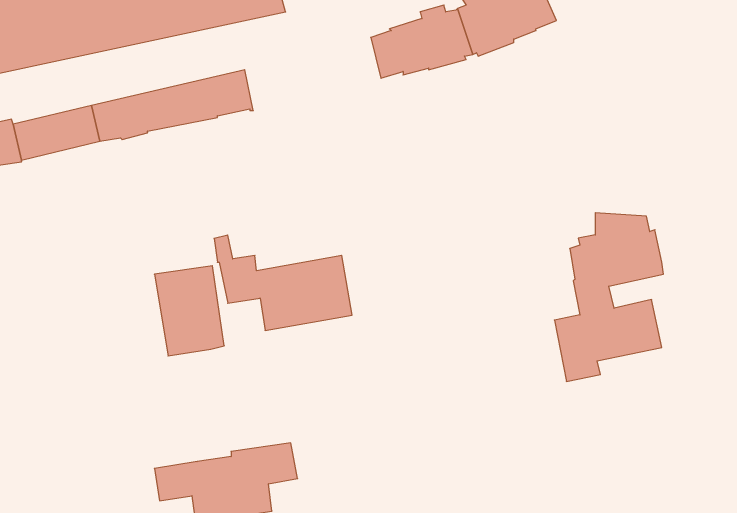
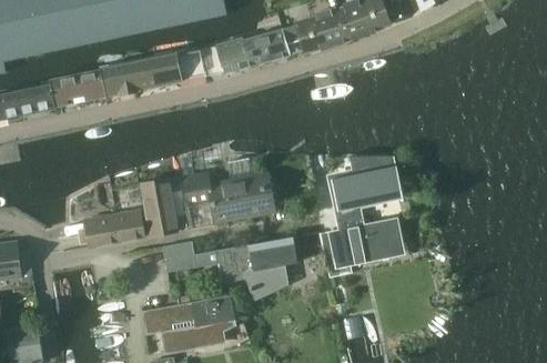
building: none -> [201,27,290,77]
building: [554,213,663,381] -> [324,158,395,268]
building: none -> [85,211,144,246]
building: none -> [163,234,298,294]

